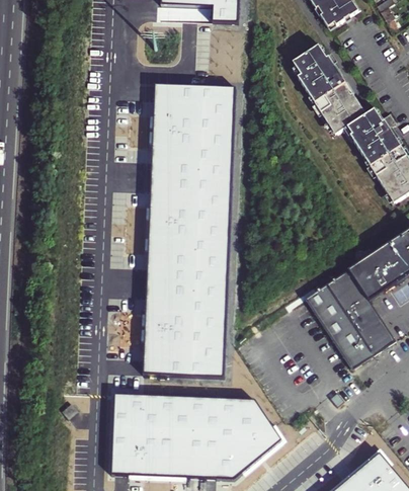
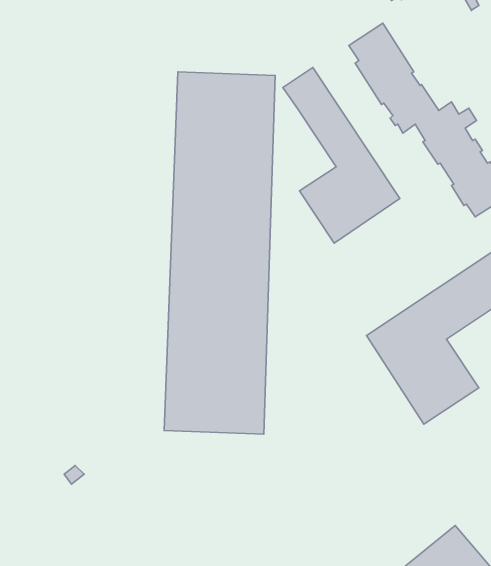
building: none -> [283,67,400,243]
building: [110,392,281,478] -> none

